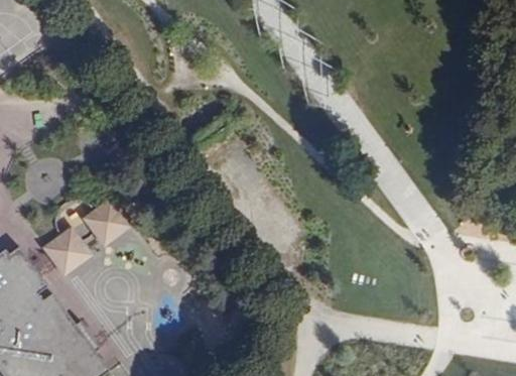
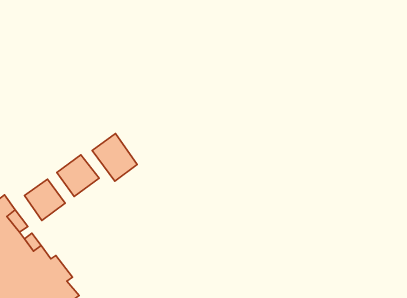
building: none -> [92,134,137,181]

